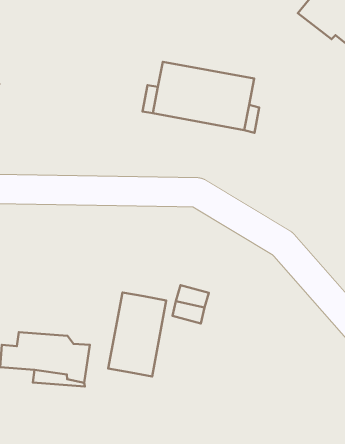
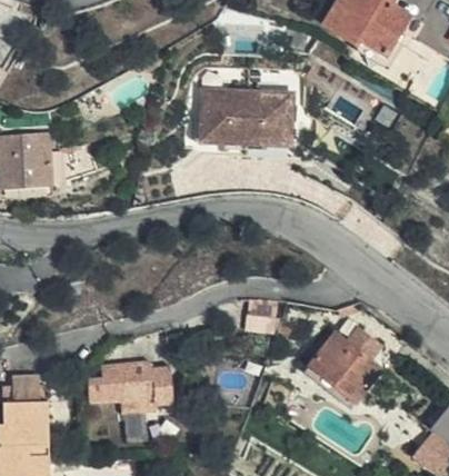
building: [108,292,166,376] -> none
building: none -> [308,331,382,403]

